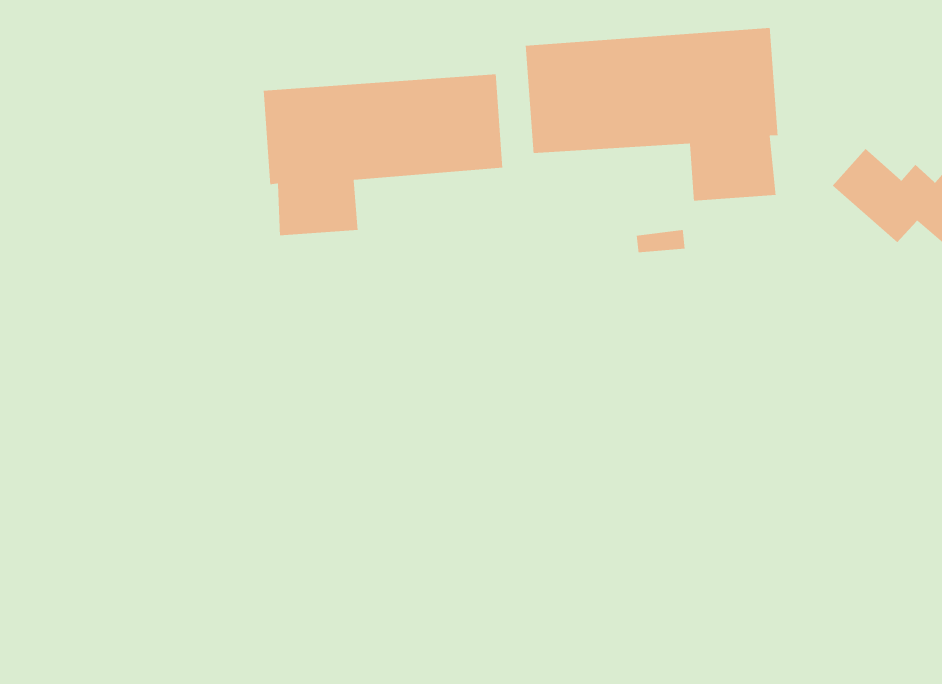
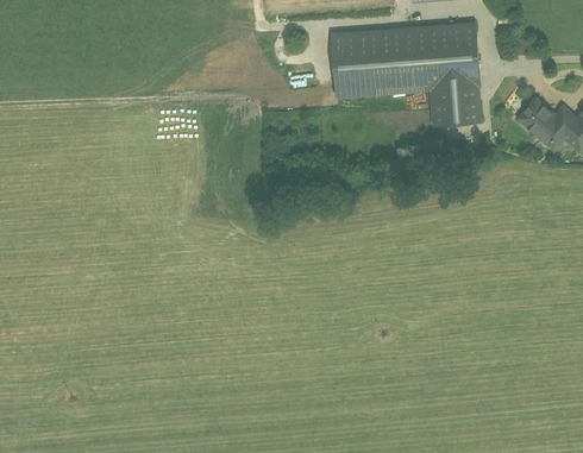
building: [263,73,503,236] -> none

